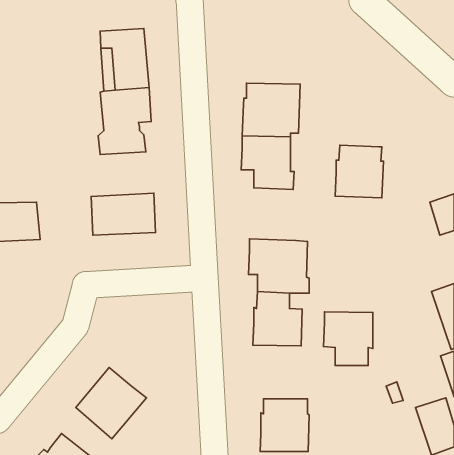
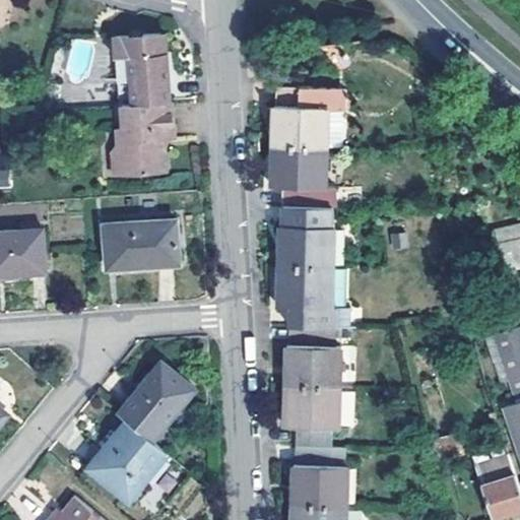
building: [335,145,384,198] -> [283,215,338,275]
building: [324,312,373,365] -> [286,394,342,455]
building: none -> [116,361,193,441]

